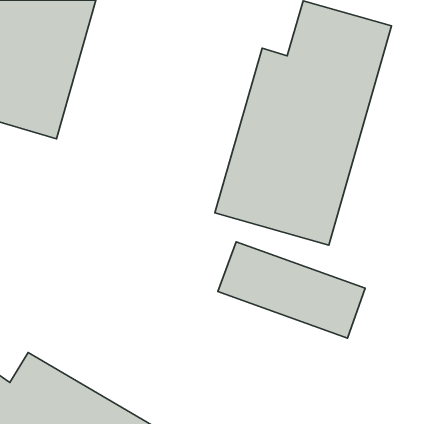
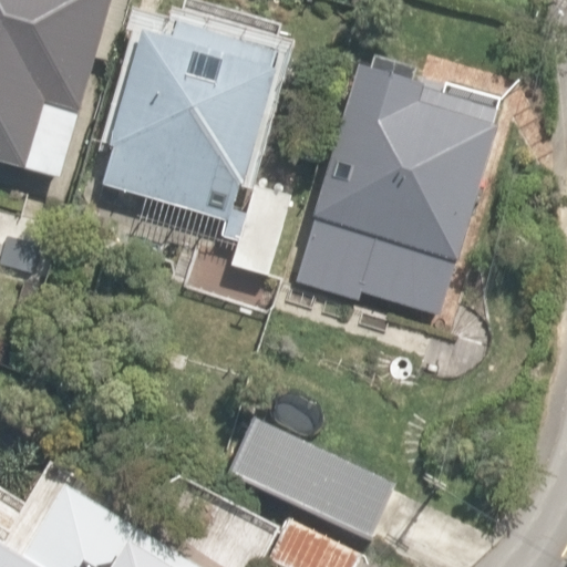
building: none -> [100,9,279,223]
building: [218,242,365,338] -> [209,404,405,533]

